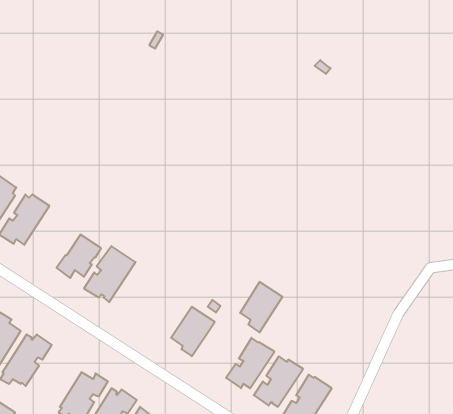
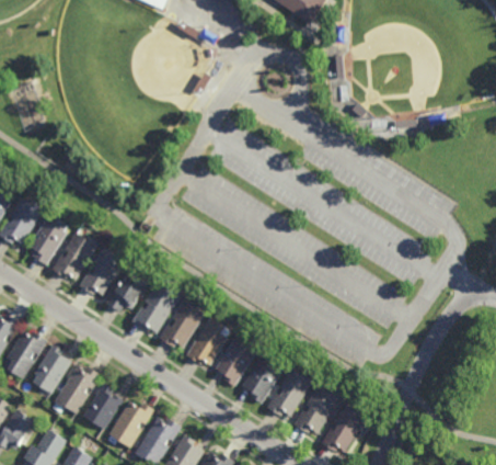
building: none -> [78,248,119,296]
building: none -> [159,299,205,349]
building: [240,282,283,332] -> [242,358,282,406]
building: none -> [186,318,228,366]
building: none -> [82,384,123,430]

